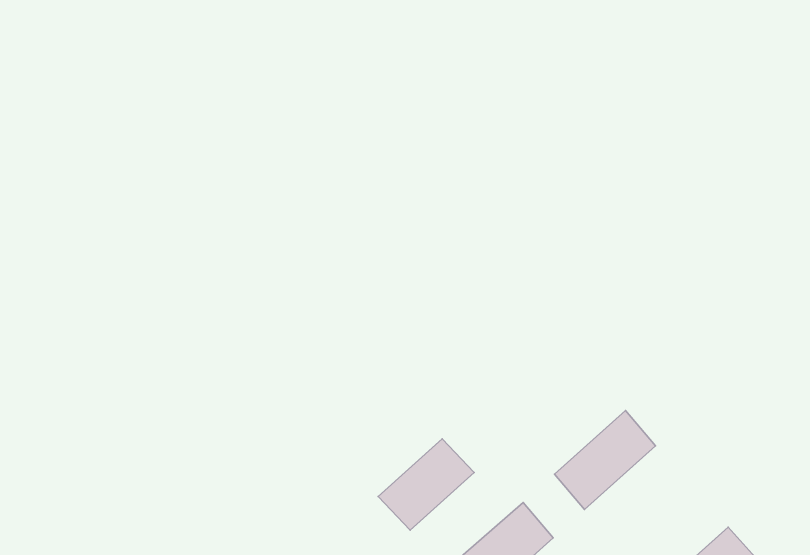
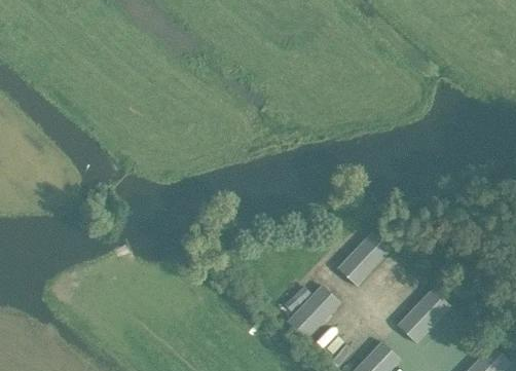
building: [378,439,474,530] -> none

